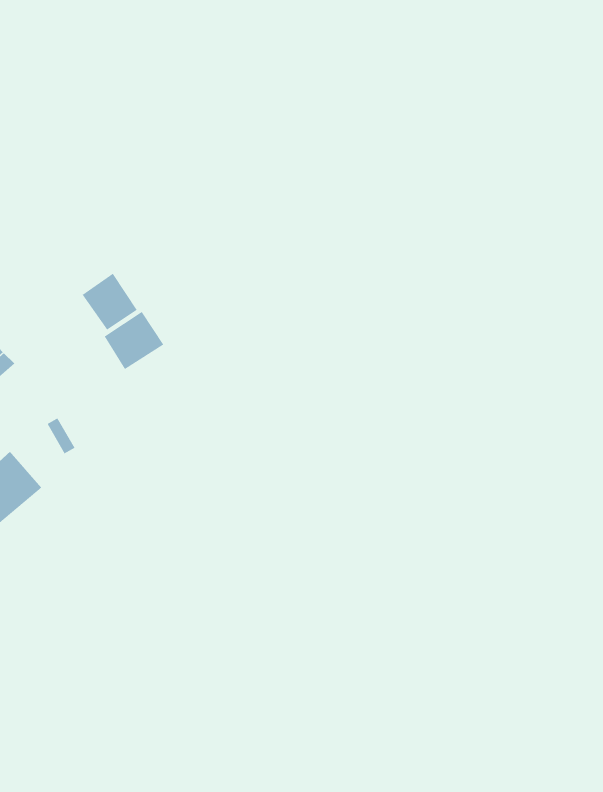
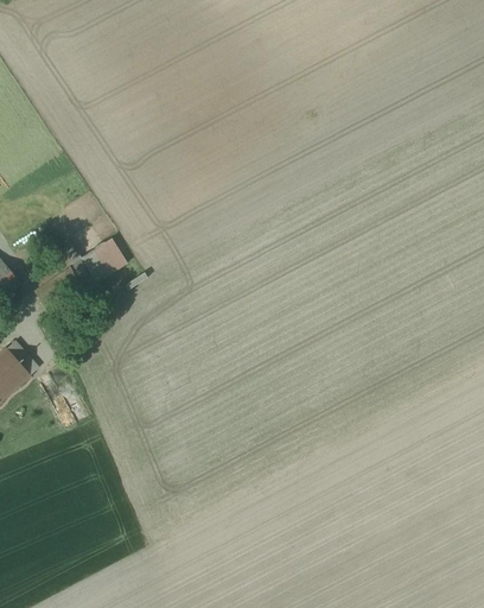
building: [82,273,138,330] -> none

